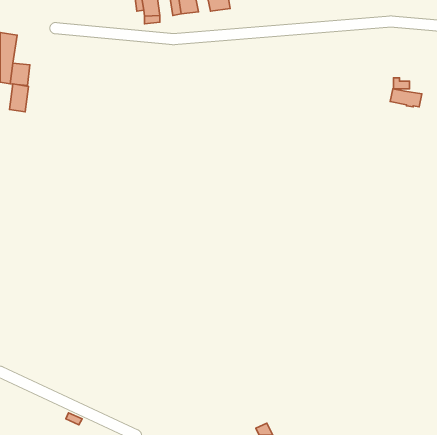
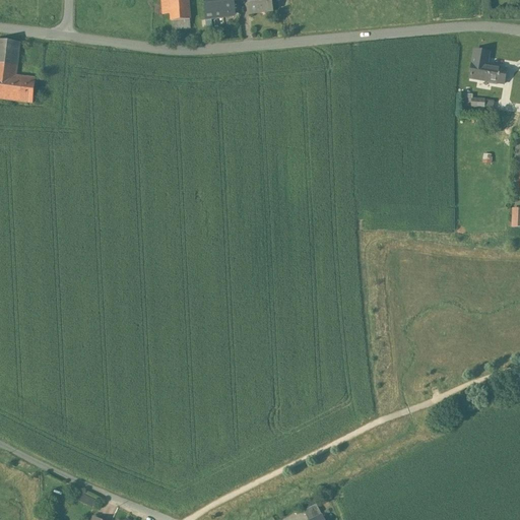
building: [10,84,28,112] -> none
building: [390,89,422,107] -> [469,61,507,82]

